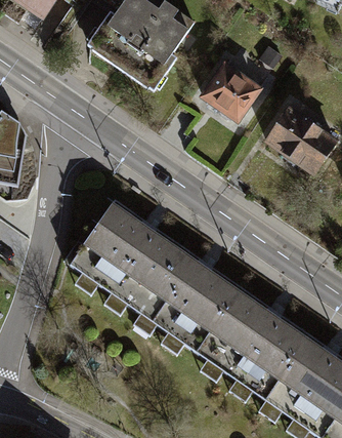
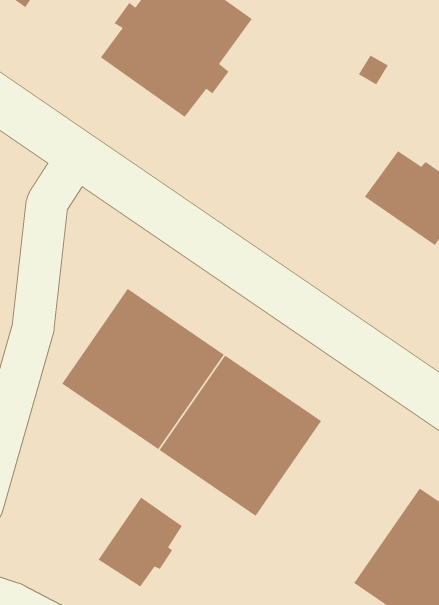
building: [200,63,258,120] -> none
building: [195,288,303,396] -> none
building: none -> [98,496,183,588]

